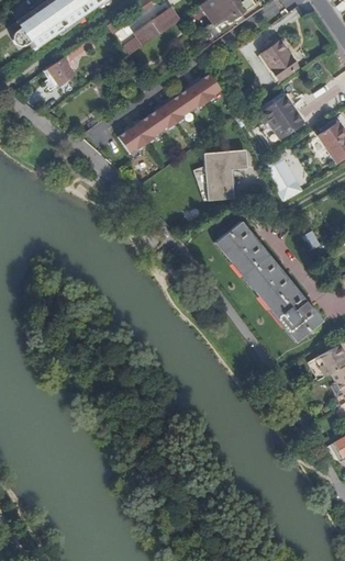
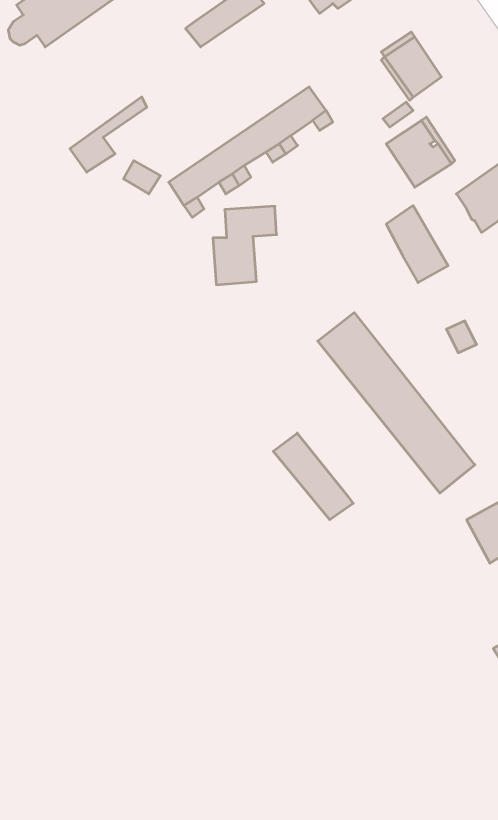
building: [44,37,94,87] -> [70,97,147,172]
building: [204,149,246,201] -> [213,206,277,285]
building: none -> [273,433,353,520]

